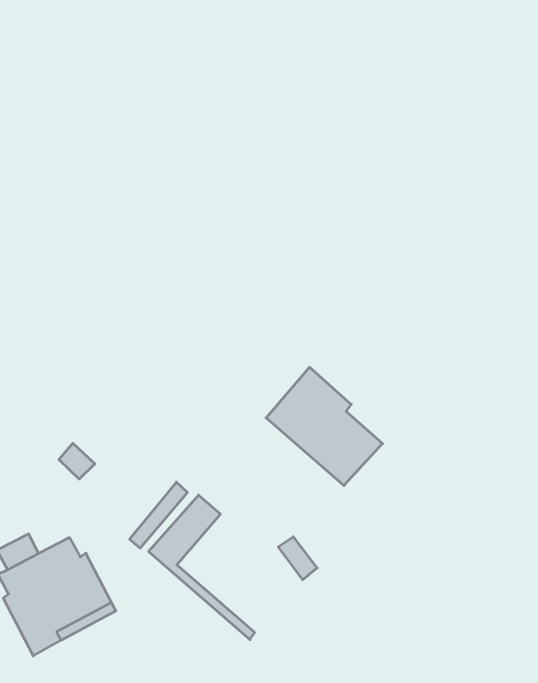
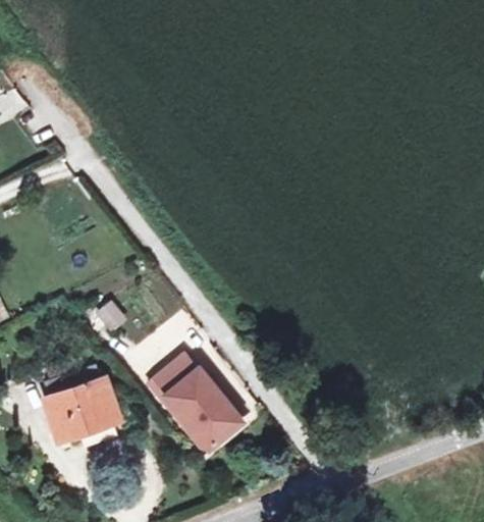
building: [266,367,383,486] -> [169,372,244,455]

